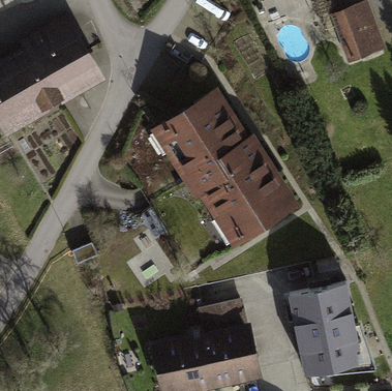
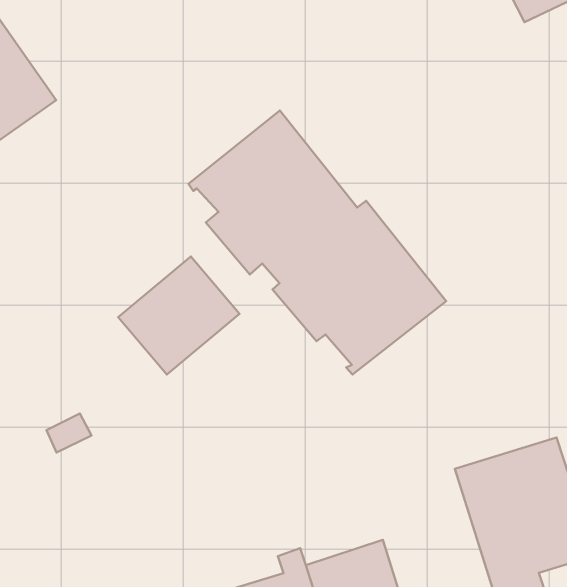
building: none -> [118,256,239,374]
building: [198,301,246,338] -> none

